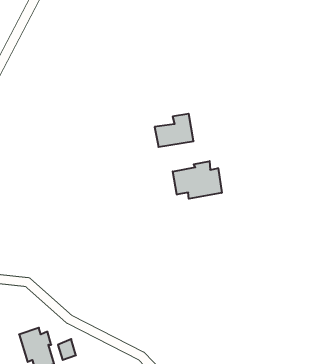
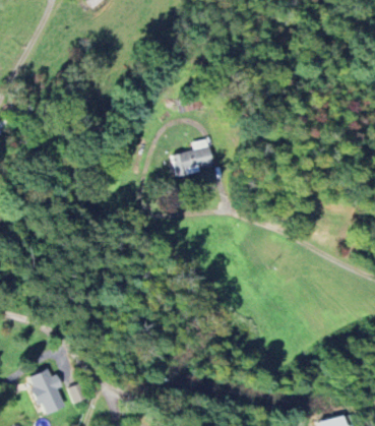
building: [173,161,222,199] -> none

